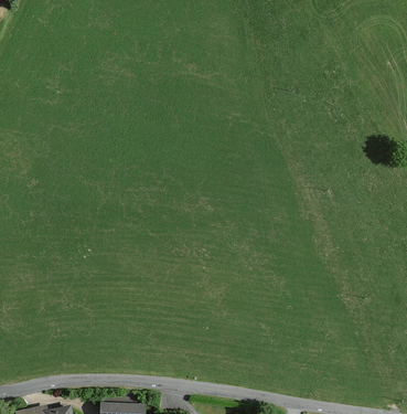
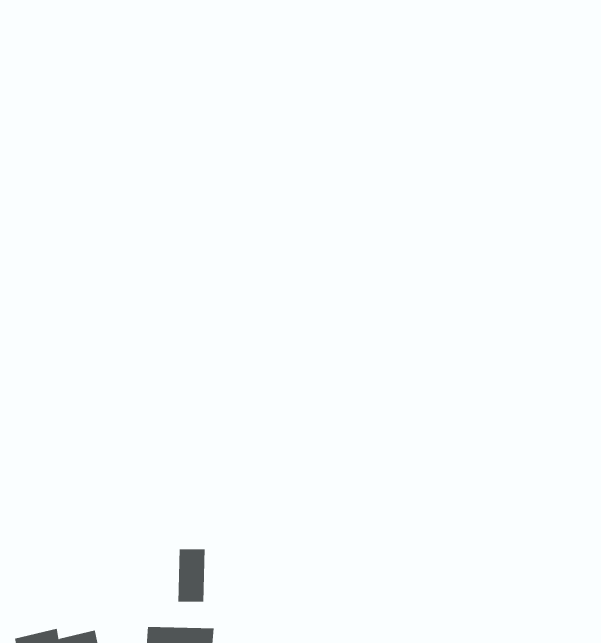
building: none -> [178,549,205,602]

